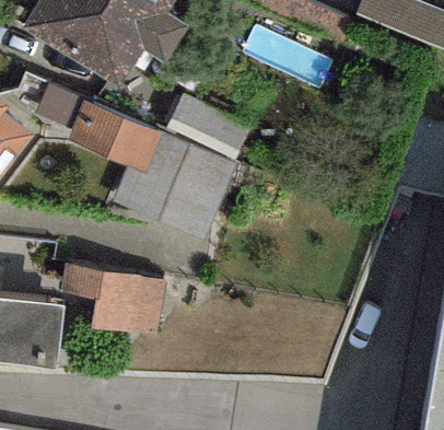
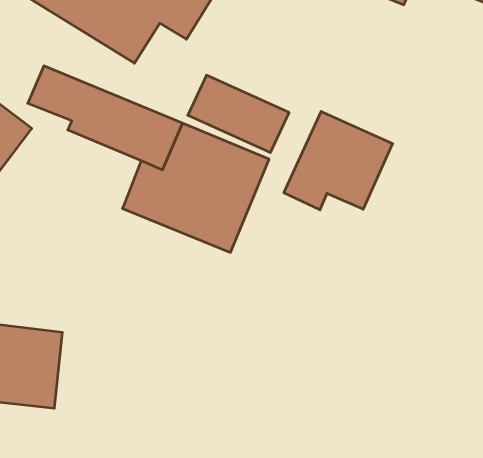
building: none -> [284,111,393,210]
building: [60,263,167,334] -> none

